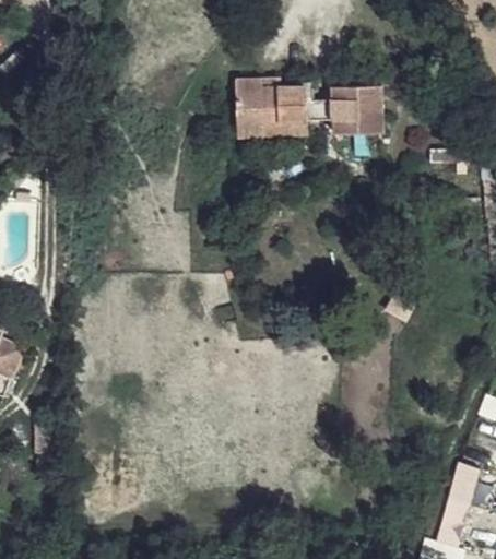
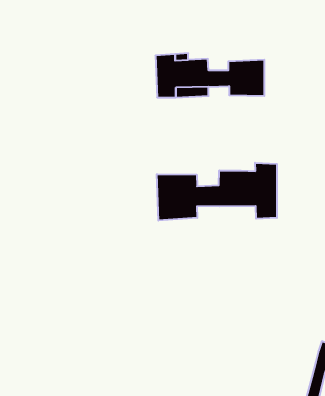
building: none -> [157,163,277,221]

